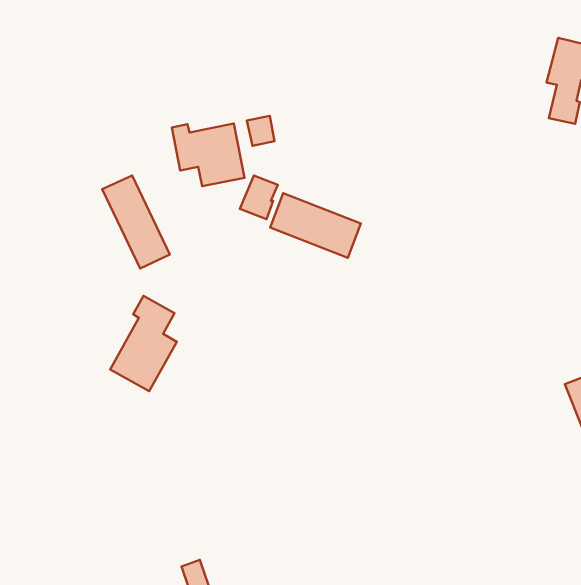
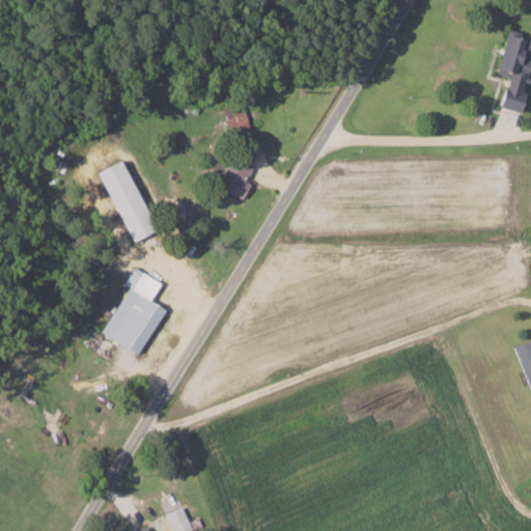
building: [172,124,245,186] -> none
building: [270,193,361,258] -> none

